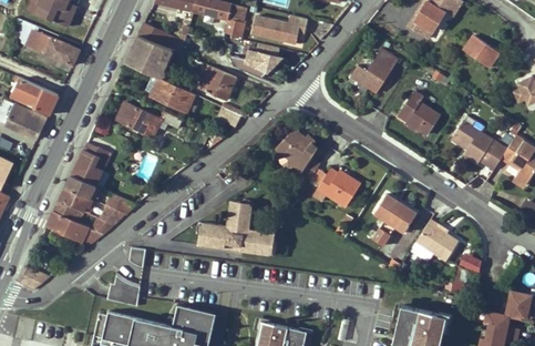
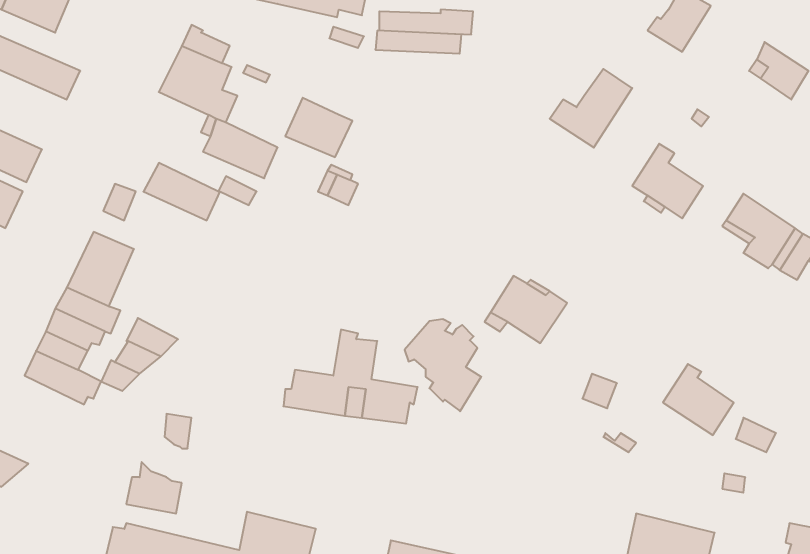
building: [229,48,276,73] -> none
building: [276,131,320,184] -> [405,319,481,411]
building: [374,194,416,234] -> none

